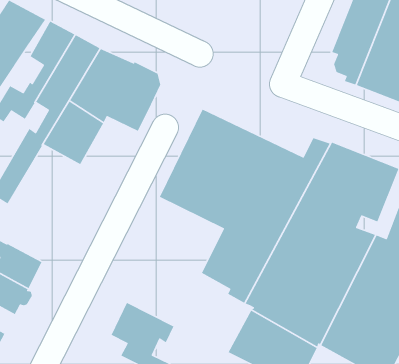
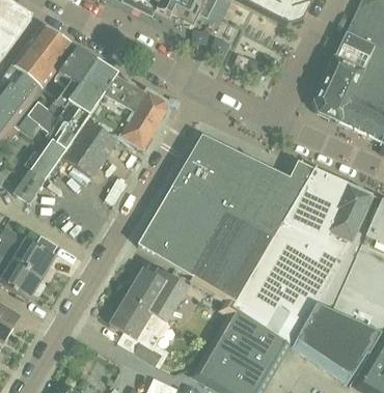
building: none -> [140,205,214,274]
building: none -> [126,266,187,318]

